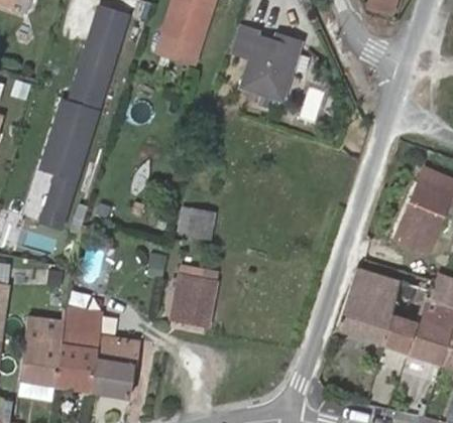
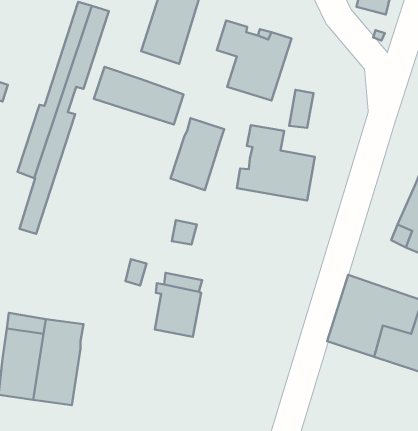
building: none -> [94,67,184,125]
building: none -> [171,118,224,190]
building: none -> [237,125,315,200]
building: [92,337,138,398] -> none

